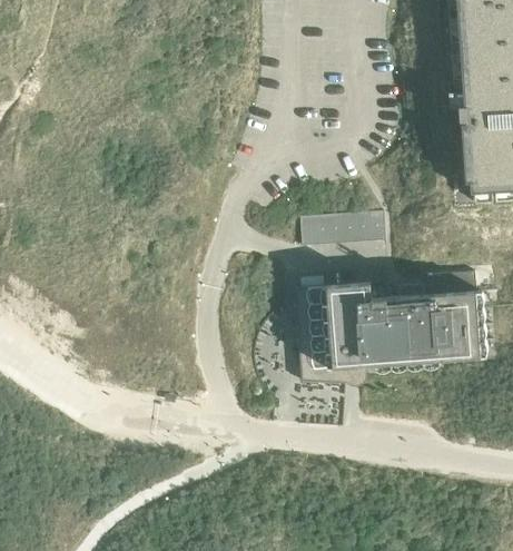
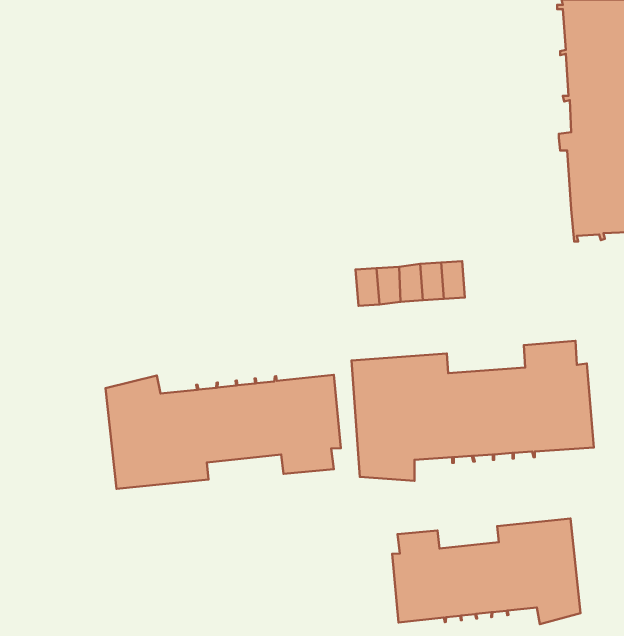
building: none -> [105,375,341,489]
building: none -> [392,518,581,624]

